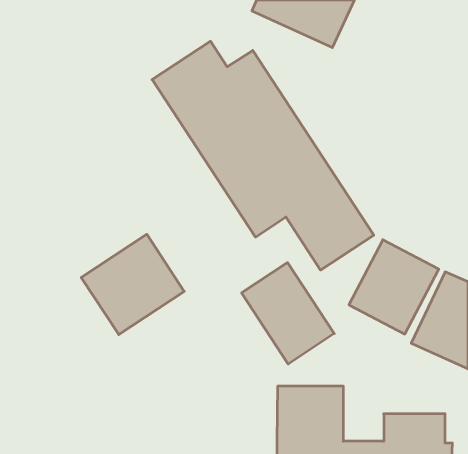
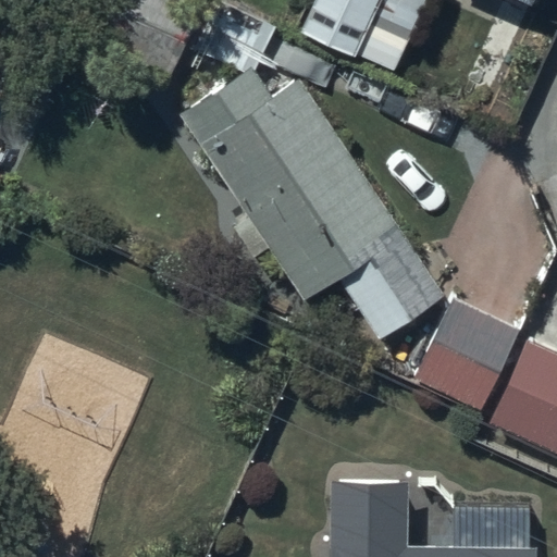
building: [81,234,184,335] -> none
building: [242,263,334,364] -> none

